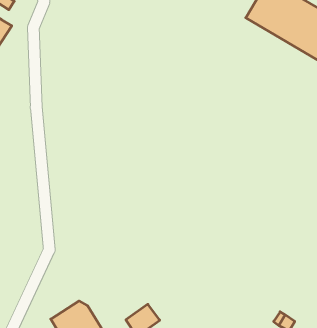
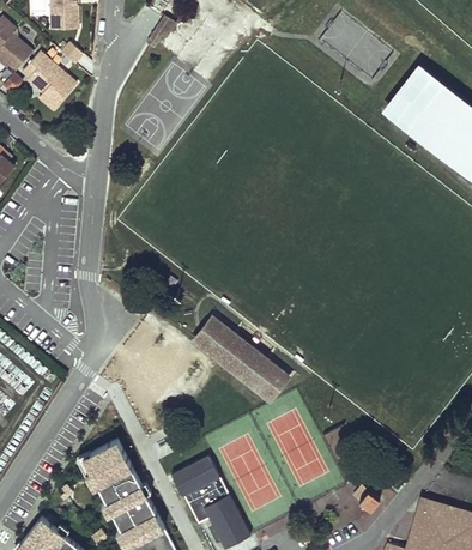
building: none -> [190,308,295,399]

